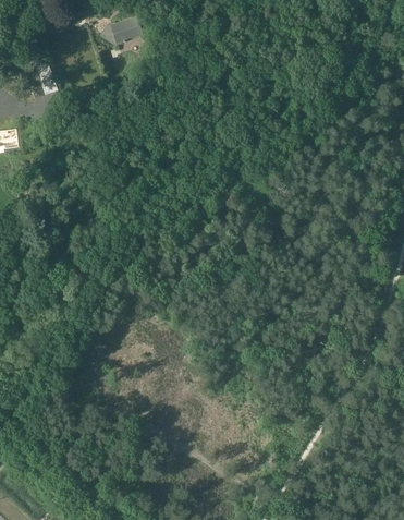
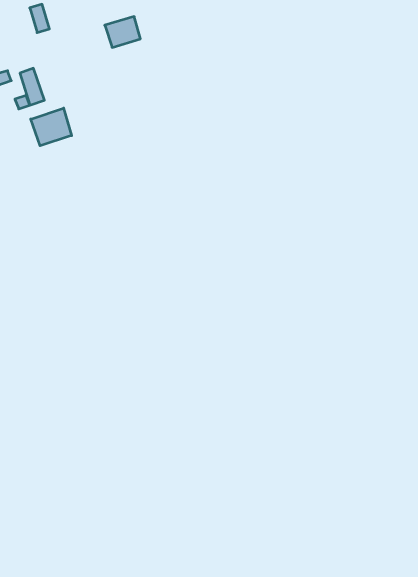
building: none -> [31,108,72,146]

